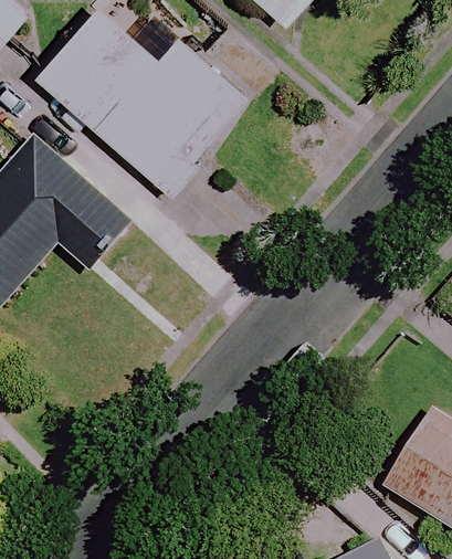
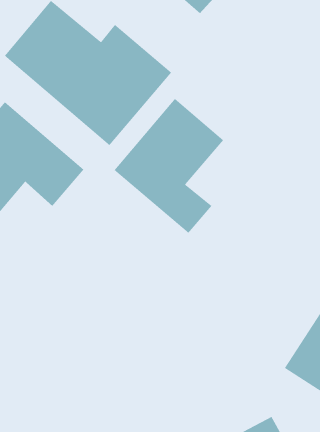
building: none -> [114,98,224,234]

